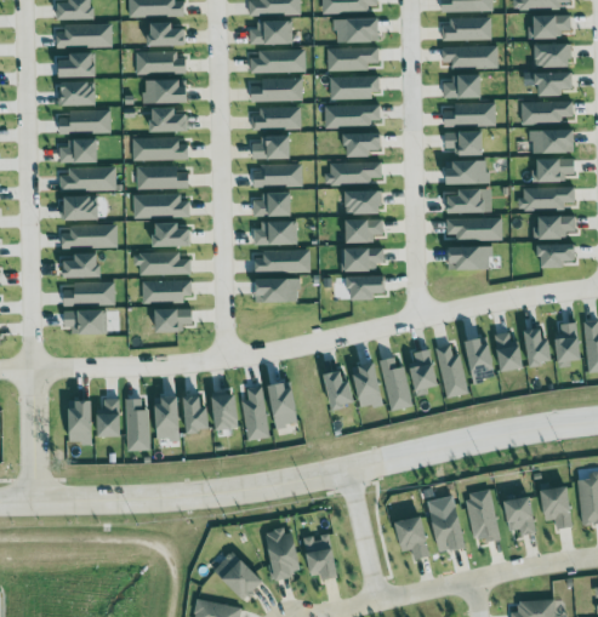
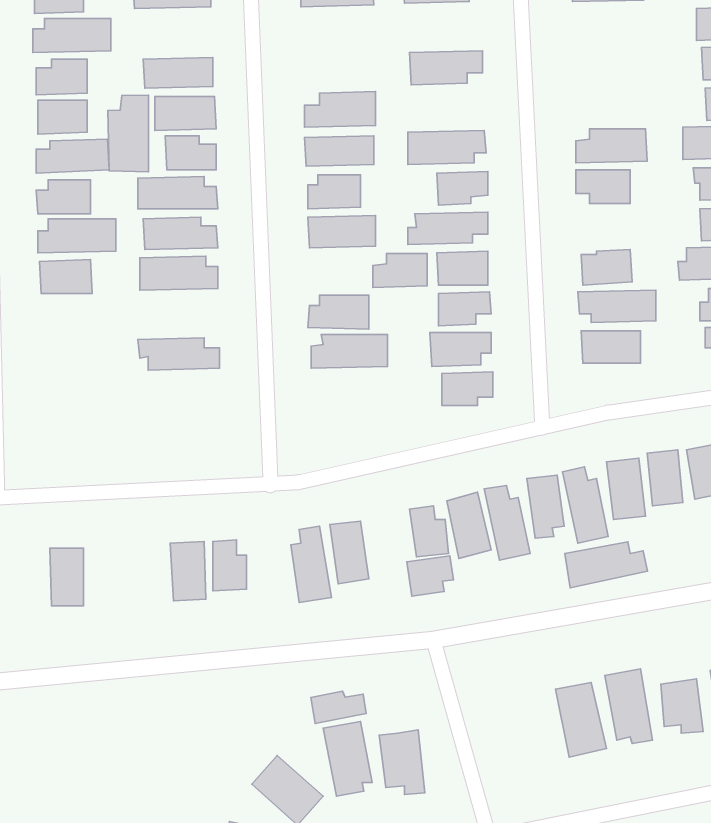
building: [334,18,377,44] -> none
building: [442,19,491,41] -> none
building: [249,21,291,45] -> none
building: [148,23,184,46] -> none
building: [442,46,497,69] -> none
building: [249,48,304,73] -> none
building: [329,75,378,98] -> none
building: [443,75,482,98] -> none
building: none -> [108,95,148,172]
building: [445,161,488,185] -> none
building: [252,193,291,217] -> [373,253,427,287]
building: [153,223,190,247] -> none
building: [61,224,116,248] -> none
building: [63,255,98,278] -> none
building: [256,279,298,303] -> none
building: [141,280,192,302] -> none
building: [62,282,114,305] -> none
building: [155,309,192,333] -> none
building: [63,310,106,333] -> none
building: [212,395,238,430] -> none
building: none -> [565,542,648,588]
building: [97,400,120,438] -> none
building: [125,400,149,451] -> none
building: none -> [407,556,453,596]
building: none -> [311,691,366,723]
building: [397,516,428,558] -> none

